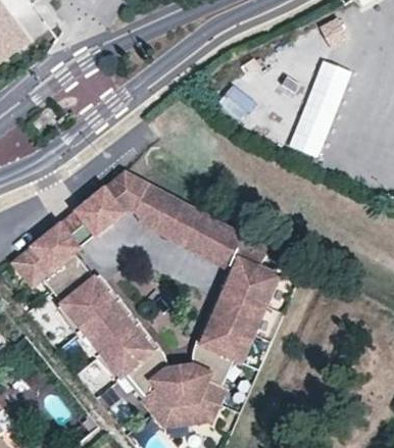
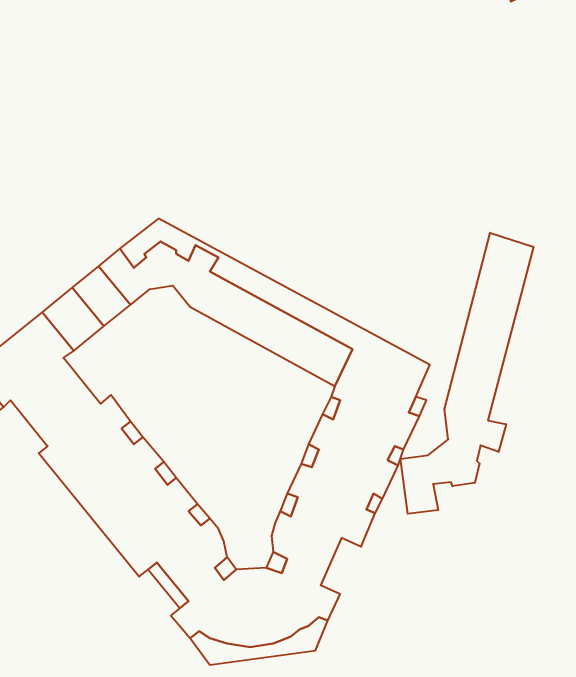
building: [291,53,352,151] -> none
building: none -> [400,233,533,514]

